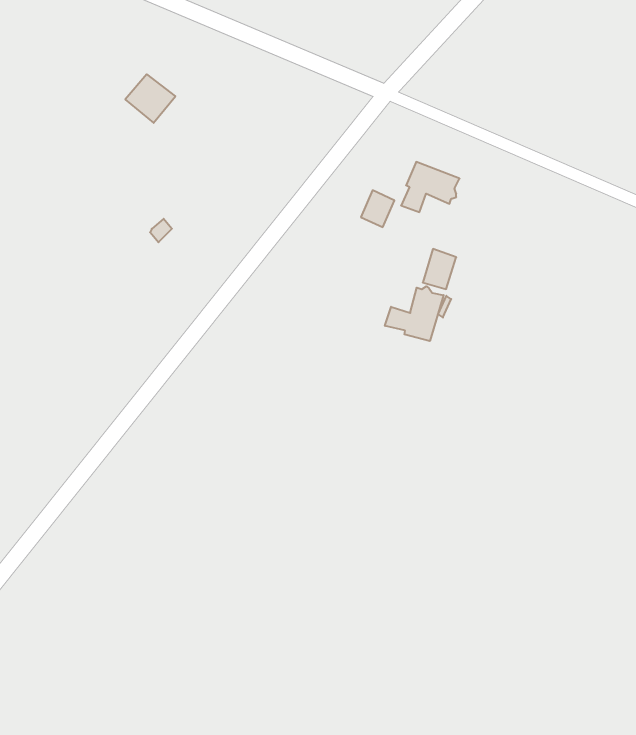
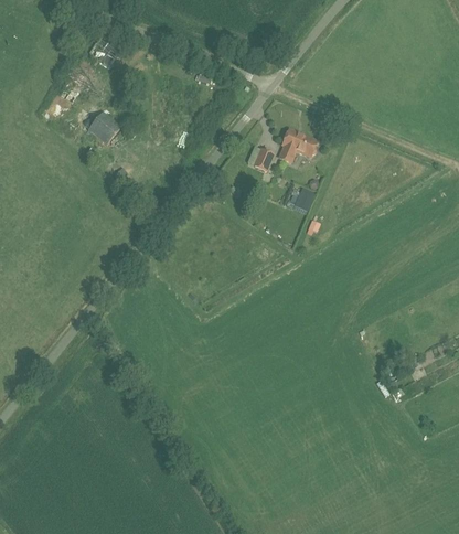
building: [125,74,175,123] -> [88,111,121,143]
building: [385,286,444,341] -> none

